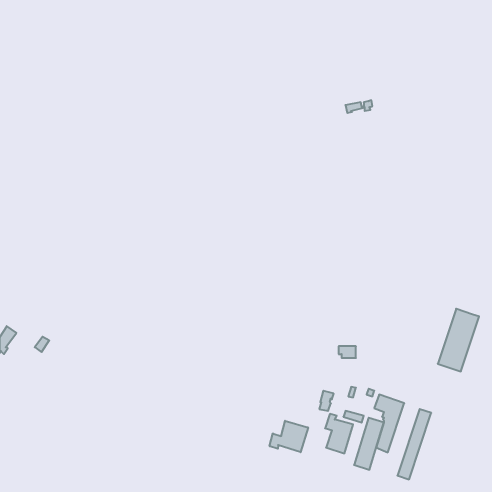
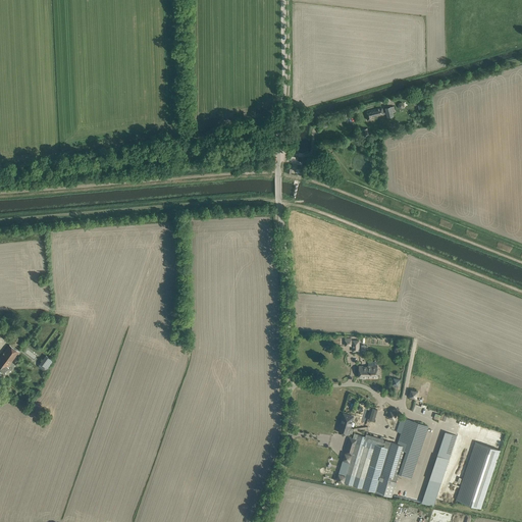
building: [438,309,479,371] -> [455,442,499,509]
building: [270,421,308,452] -> none

